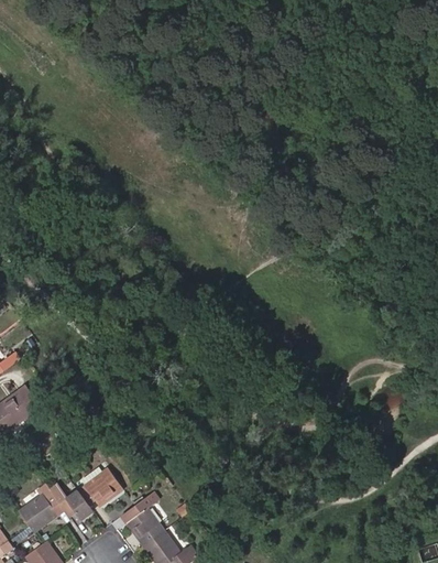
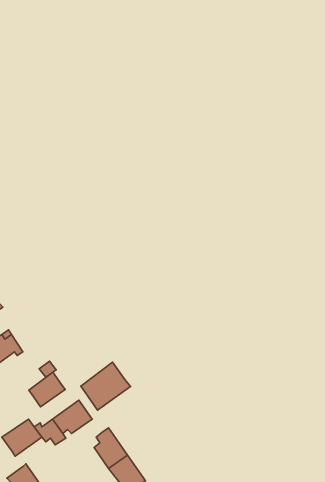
building: none -> [81,362,130,410]
building: none -> [29,372,65,407]

